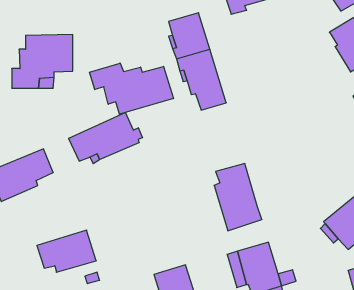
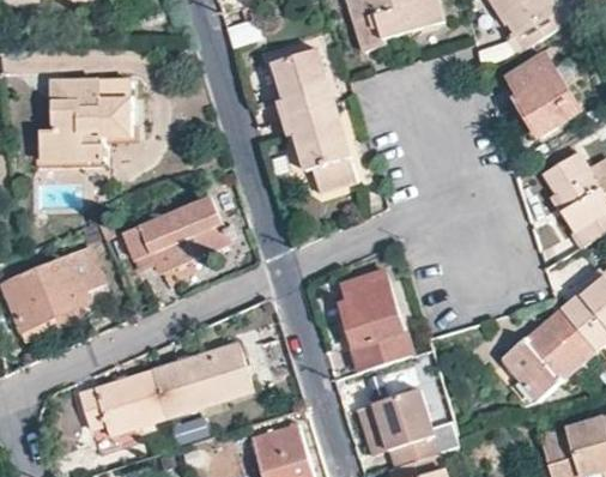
building: [89,63,173,114] -> none
building: none -> [151,343,252,416]

